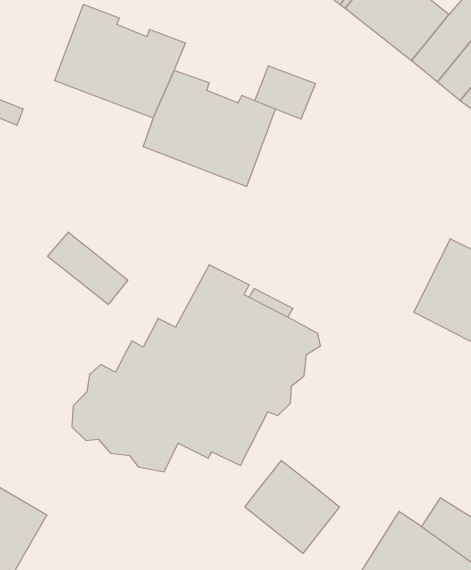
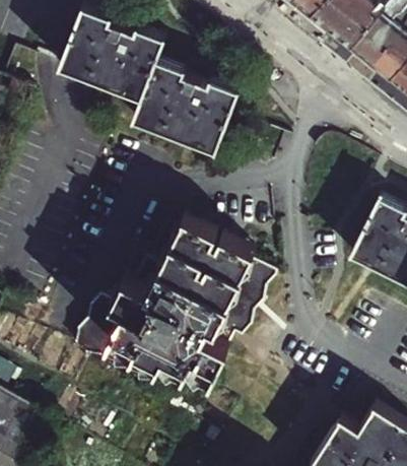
building: [255,66,315,119] -> none
building: [48,232,128,305] -> none
building: [245,460,339,553] -> none

